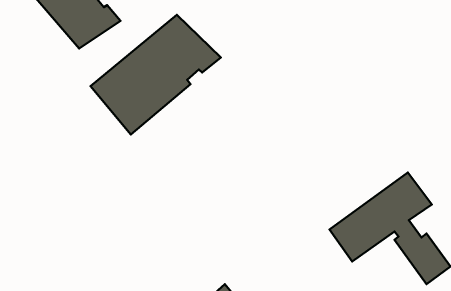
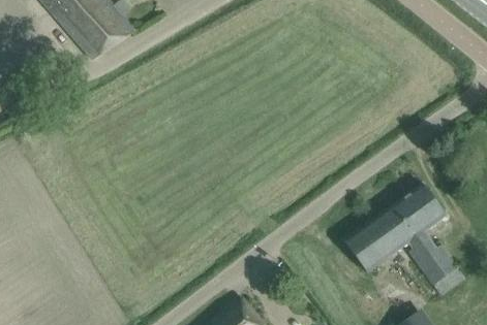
building: [90,15,221,135] -> none

